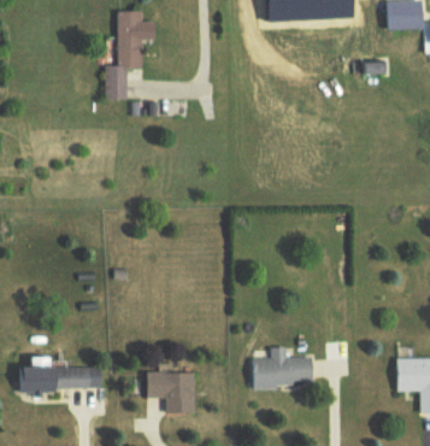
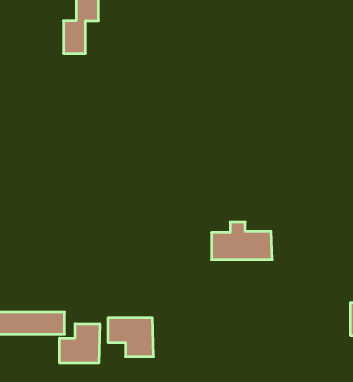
building: [252,347,314,386] -> [211,222,272,260]
building: none -> [60,324,100,363]

